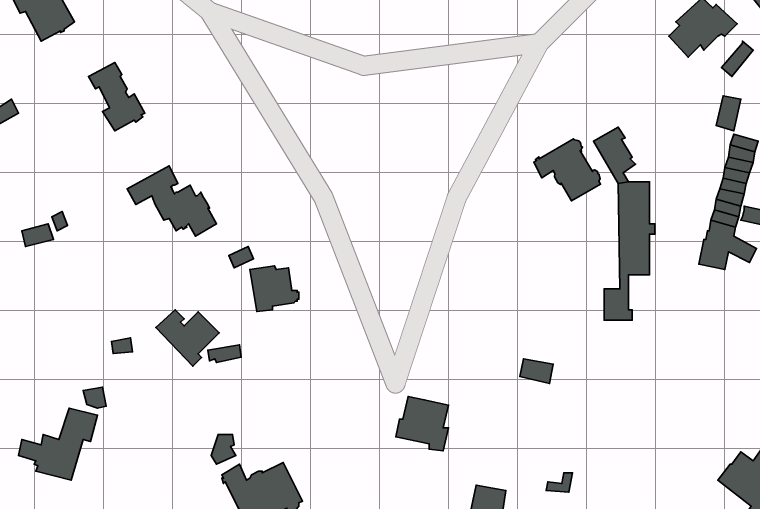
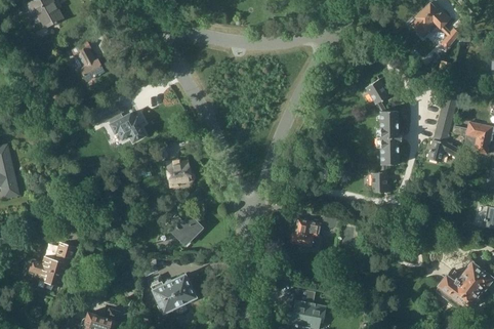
building: [534,139,600,201] -> none
building: [156,310,219,366] -> [165,214,202,247]
building: [396,396,449,451] -> [290,218,321,250]

